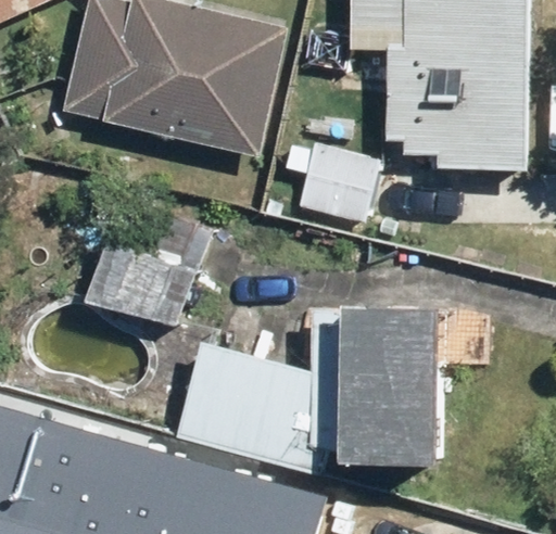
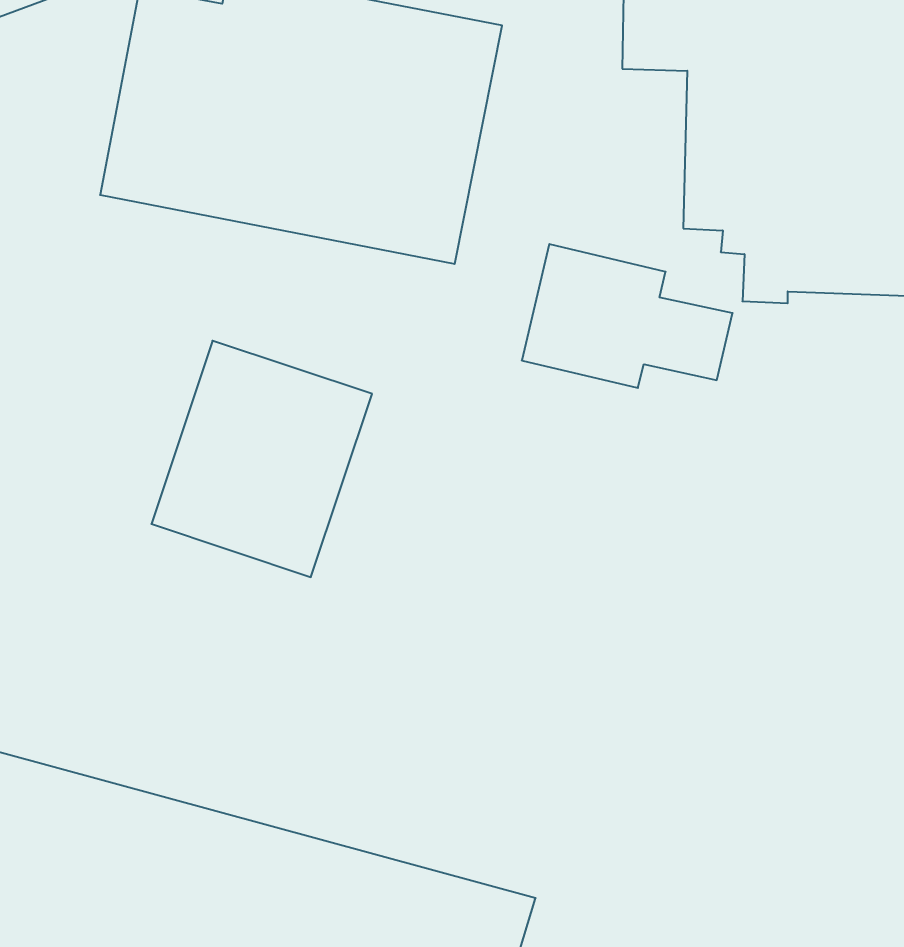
building: [321,306,428,473] -> none
building: [162,344,315,469] -> none

